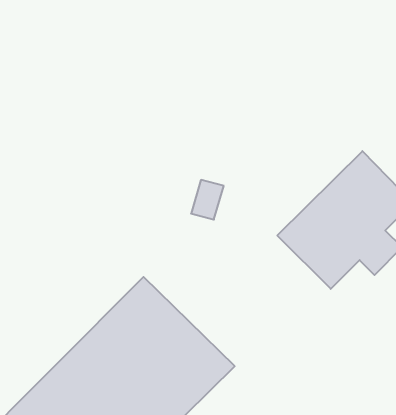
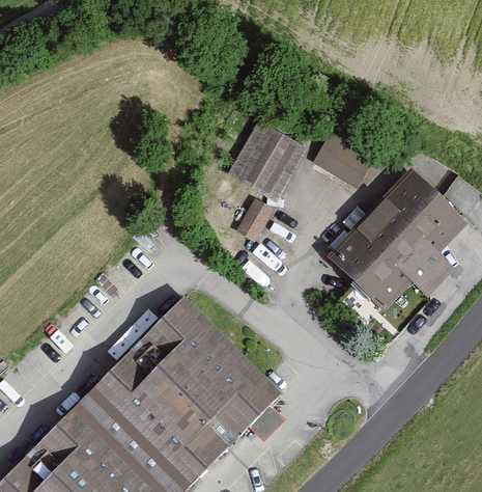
building: none -> [229,121,306,202]
building: none -> [310,132,372,191]

